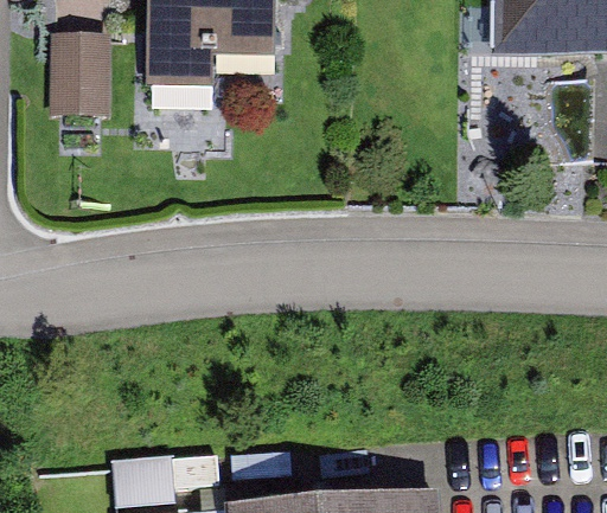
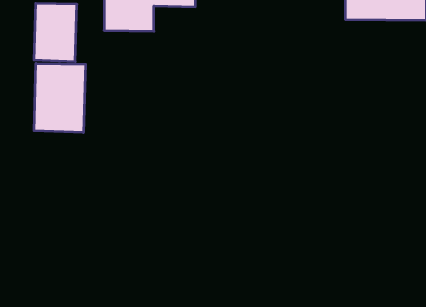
building: none -> [34,63,86,133]

